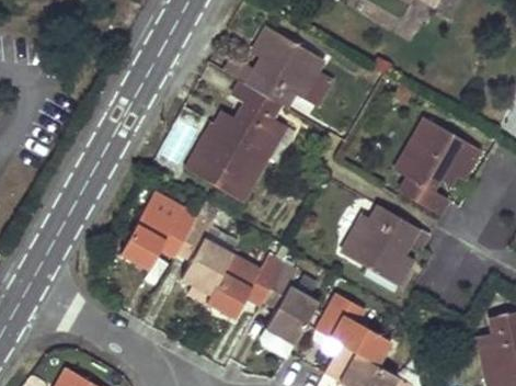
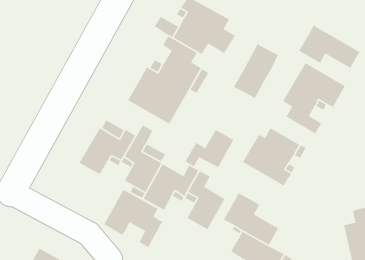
building: none -> [298,25,360,69]
building: none -> [233,43,279,99]
building: none -> [184,129,235,168]
building: none -> [103,189,163,248]

